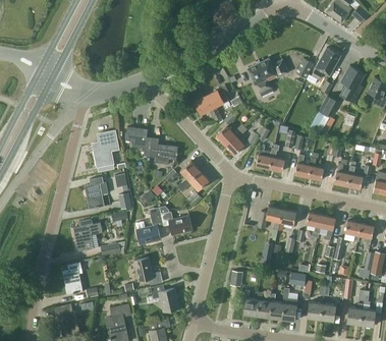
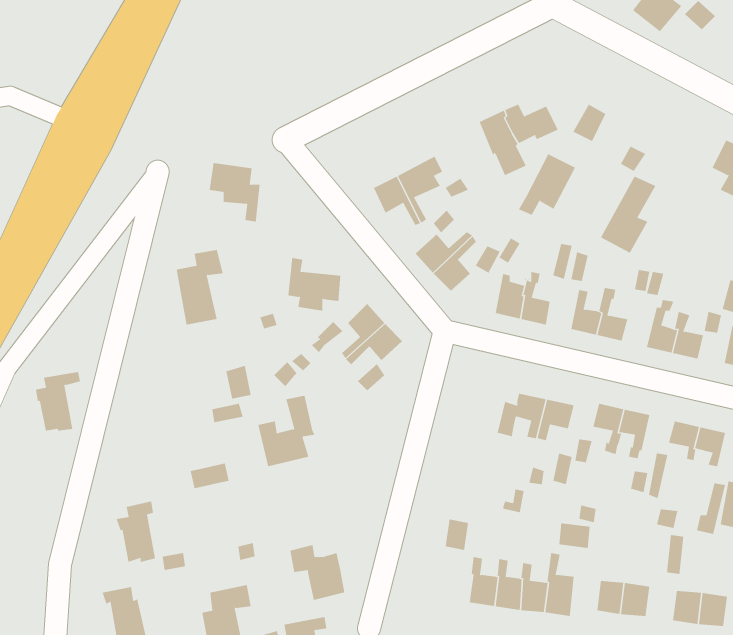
building: [311,47,340,78] -> [518,154,576,215]
building: [340,65,365,103] -> none
building: [125,125,152,156] -> [209,162,261,222]
building: [85,176,108,208] -> none
building: [159,205,192,234] -> none
building: [73,218,97,248] -> [35,372,81,431]
building: [133,255,163,284] -> none

